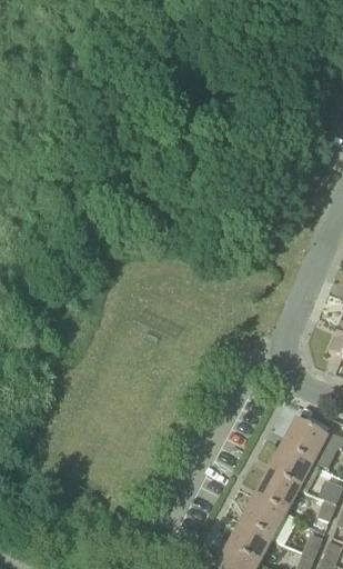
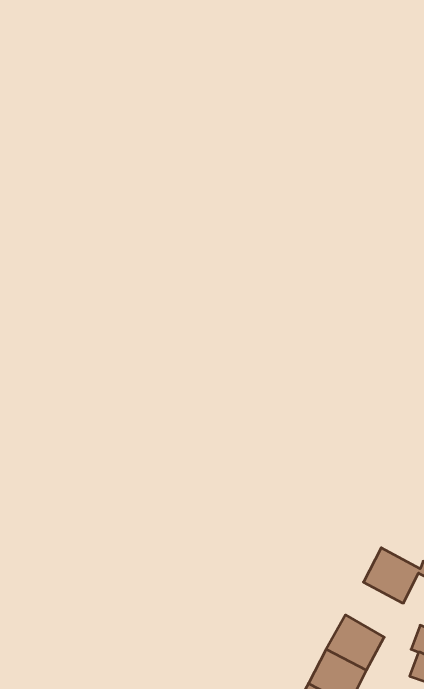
building: [269,447,320,492] -> none

